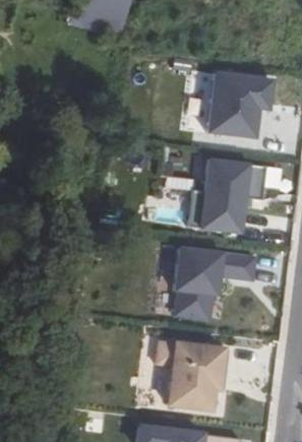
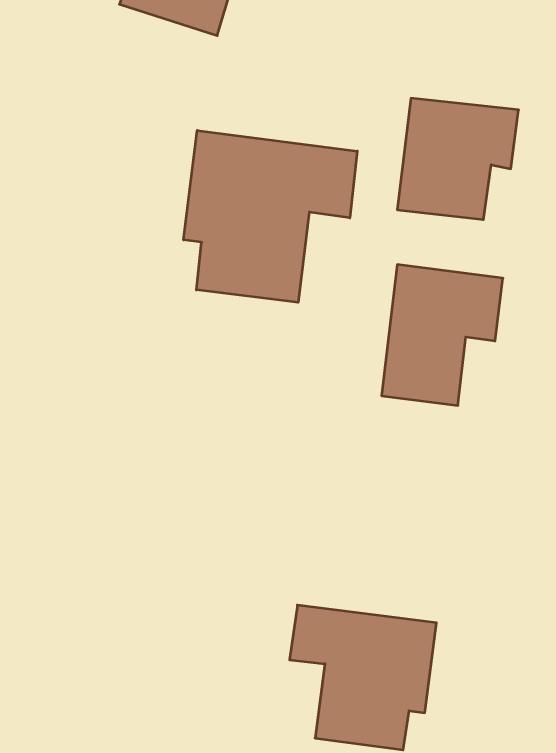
building: none -> [184,130,357,302]
building: [169,246,254,322] -> none

